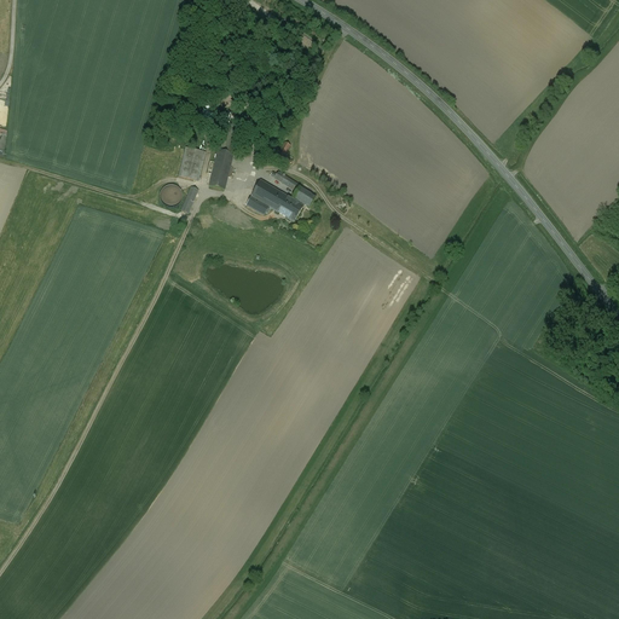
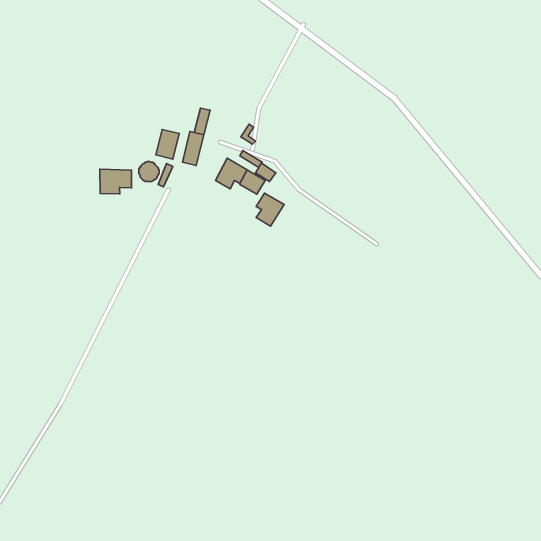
building: none -> [100,169,131,194]
building: none -> [256,193,284,226]

